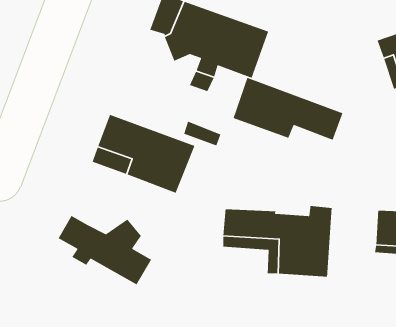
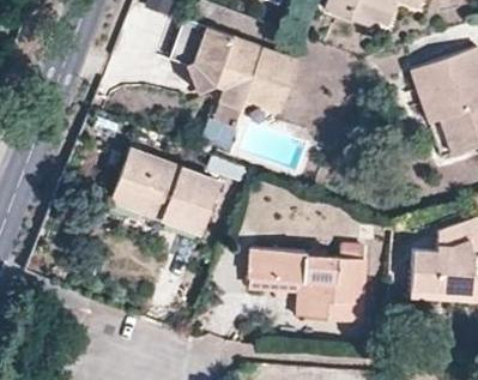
building: [232,77,344,141] -> none
building: [58,215,152,285] -> none

